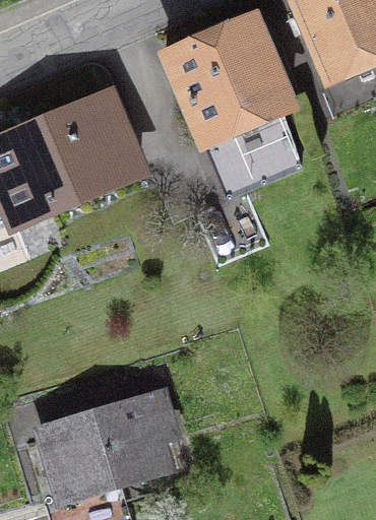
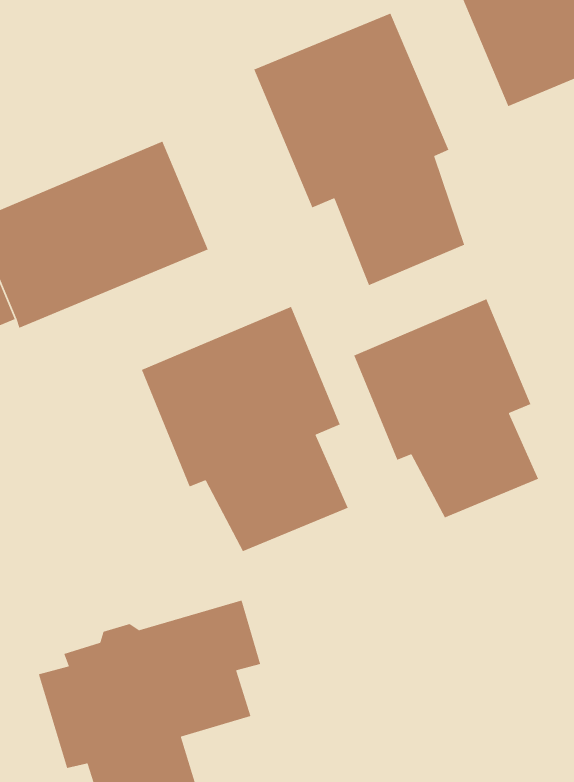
building: none -> [353,298,539,518]
building: none -> [141,306,349,552]

